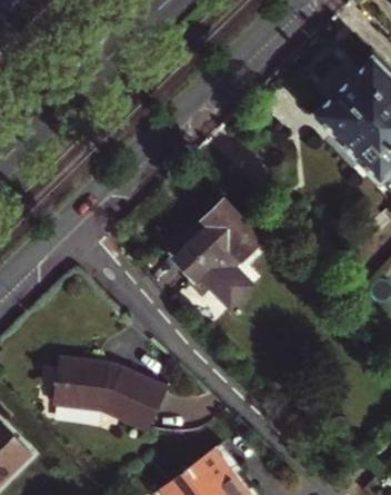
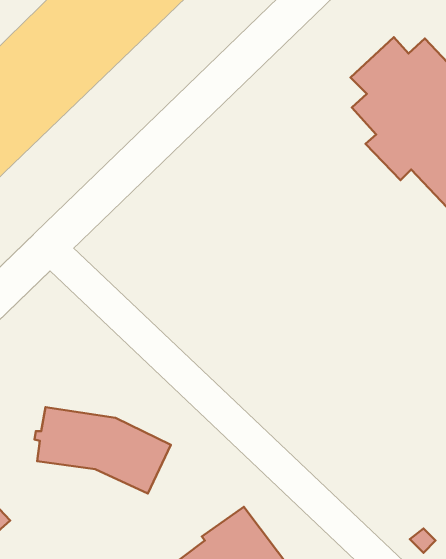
building: [174,200,262,304] -> none

